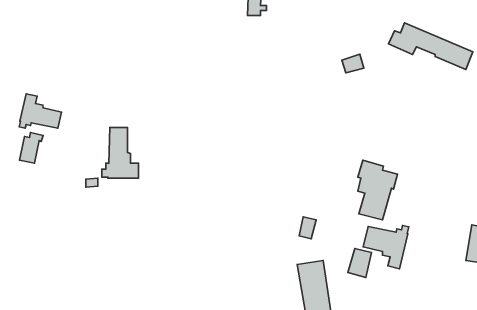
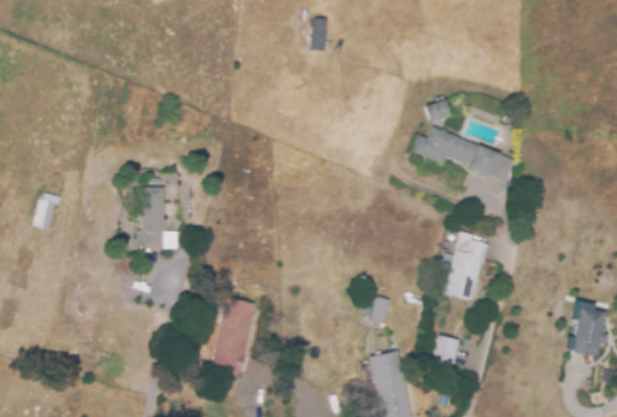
building: [389,23,473,70] -> [412,125,515,182]
building: [19,94,62,128] -> none
building: none -> [210,295,257,374]
building: [363,225,409,269] -> none

